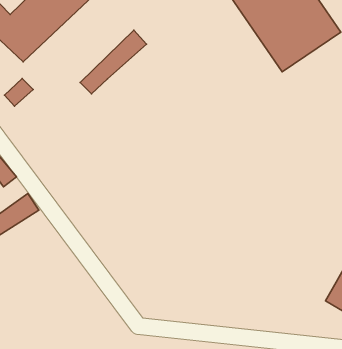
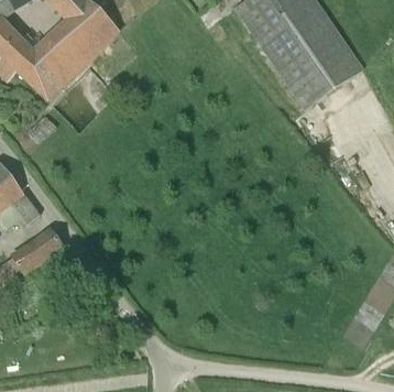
building: [80,30,147,94] -> none

